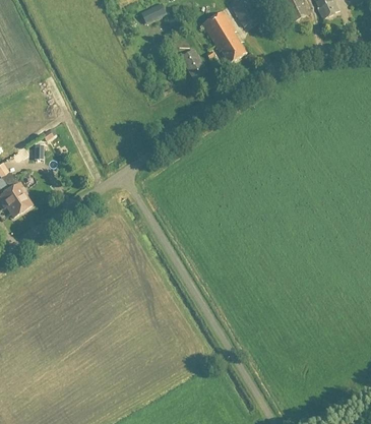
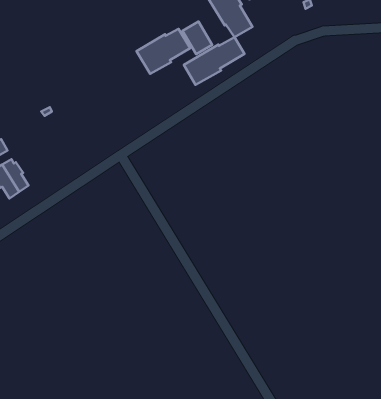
building: none -> [136,29,190,74]
building: none -> [184,37,245,85]

